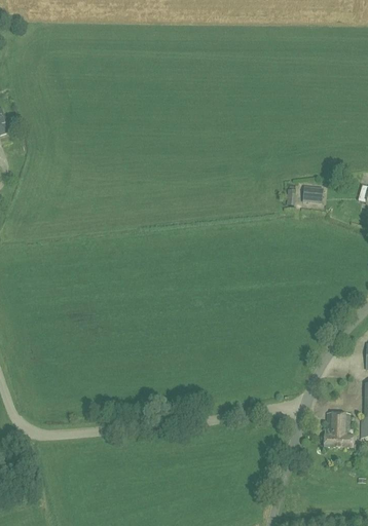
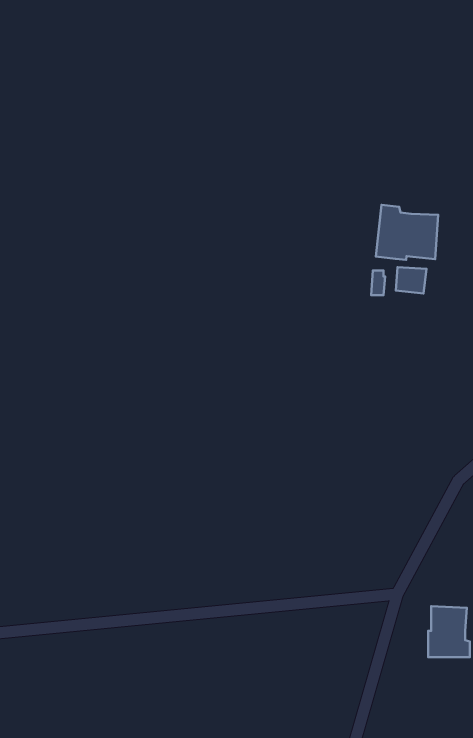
building: none -> [376,205,438,260]

